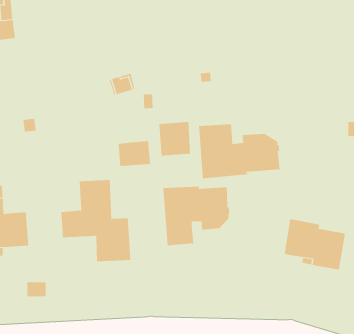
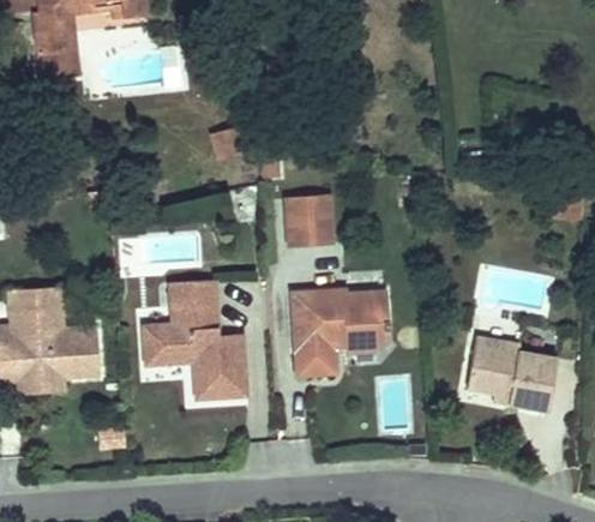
building: [198,124,280,179] -> none
building: [118,140,150,167] -> none

